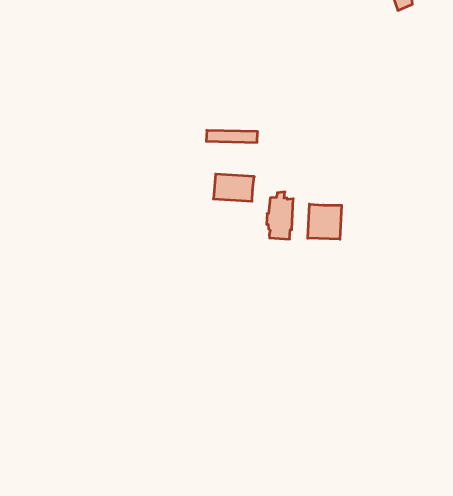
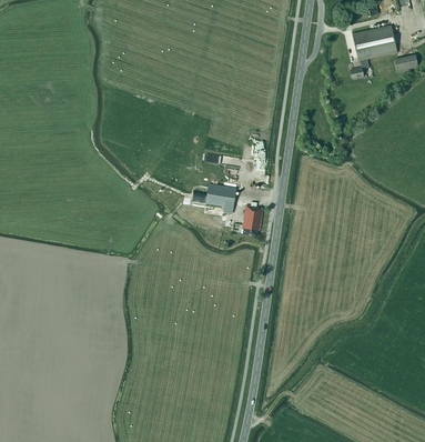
building: [308,204,342,239] -> none

